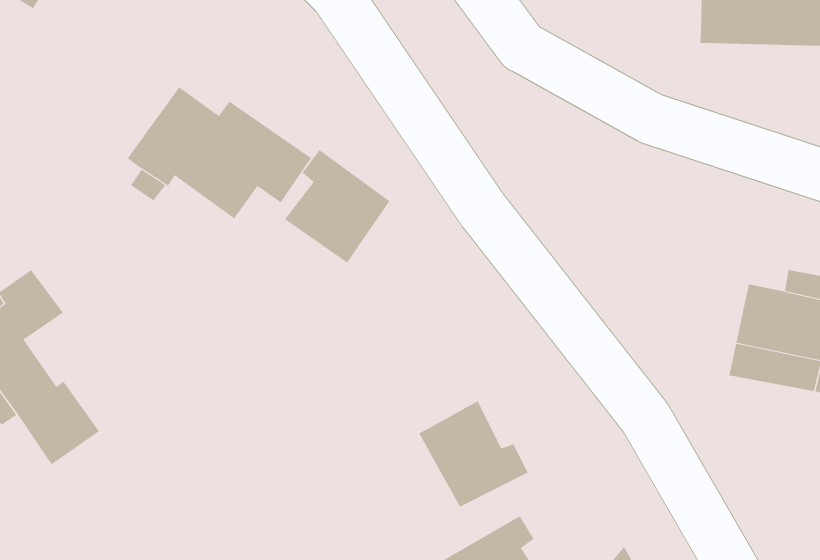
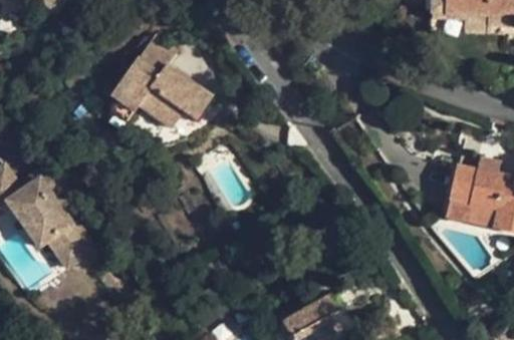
building: none -> [140,32,178,71]
building: [284,149,390,263] -> none
building: [419,401,528,508] -> none

